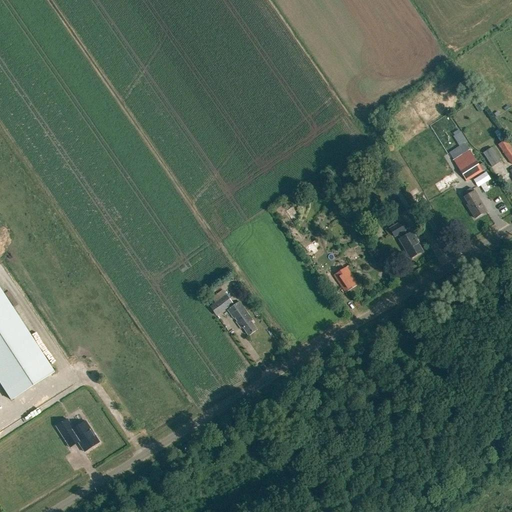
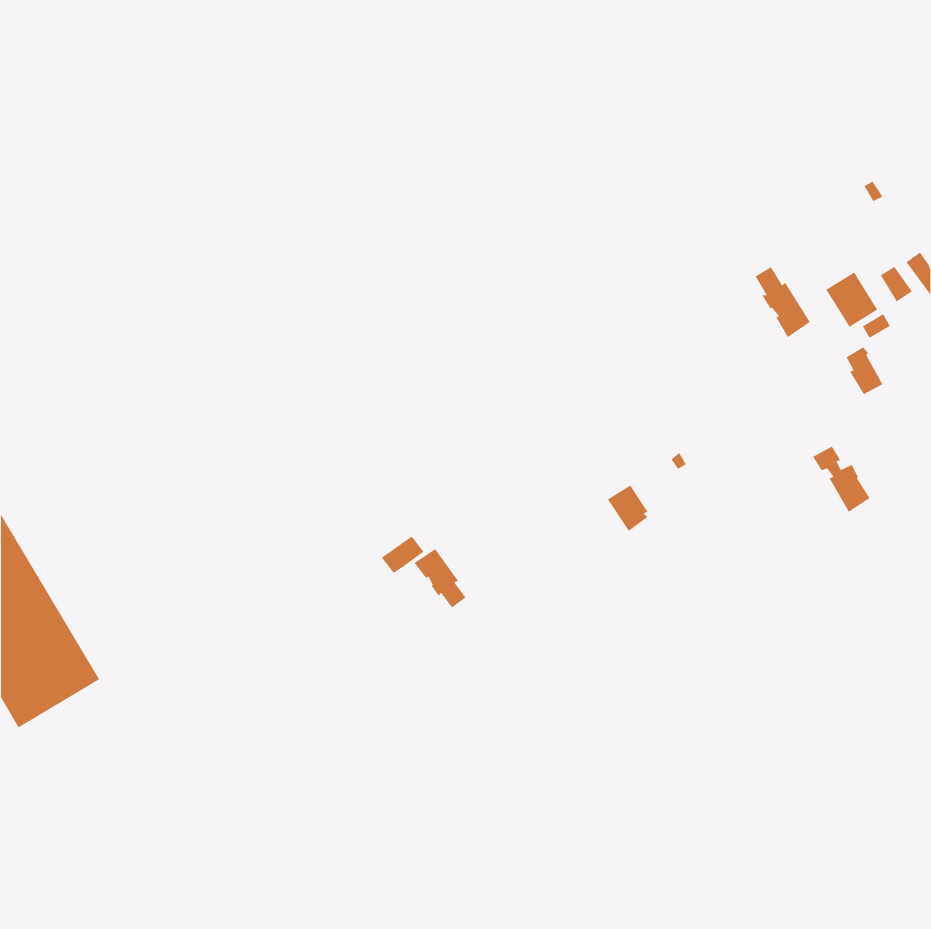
building: none -> [755,266,811,338]
building: [390,221,422,258] -> [812,446,870,513]
building: [56,419,99,451] -> none

